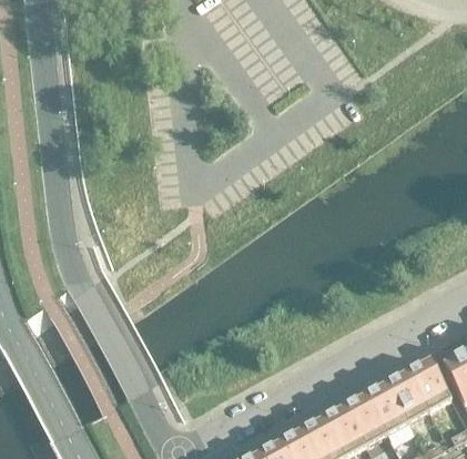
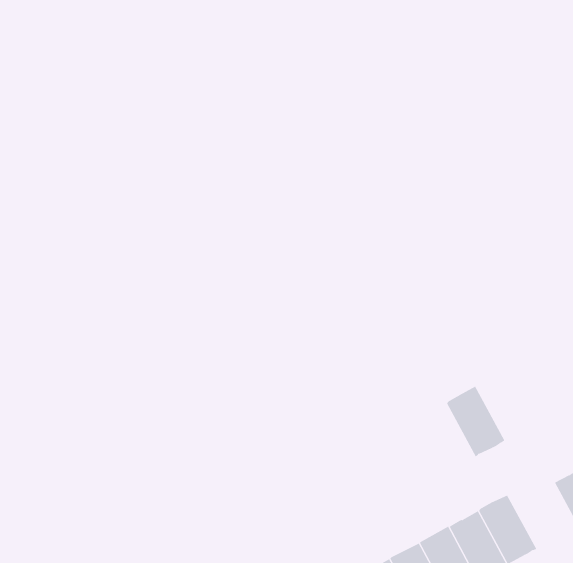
building: [407,358,449,409] -> [446,386,505,457]

